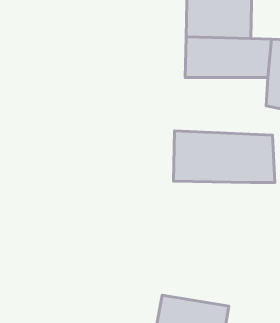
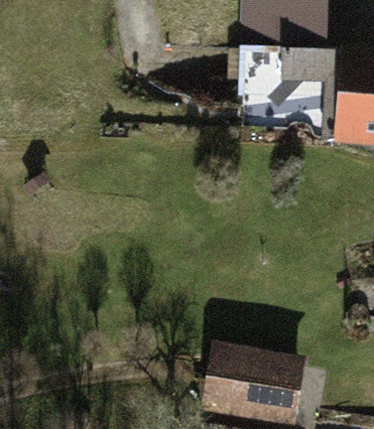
building: [173,131,275,182] -> none

